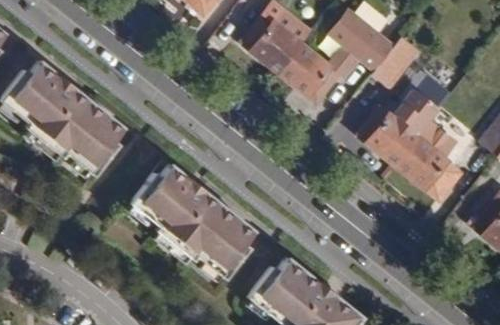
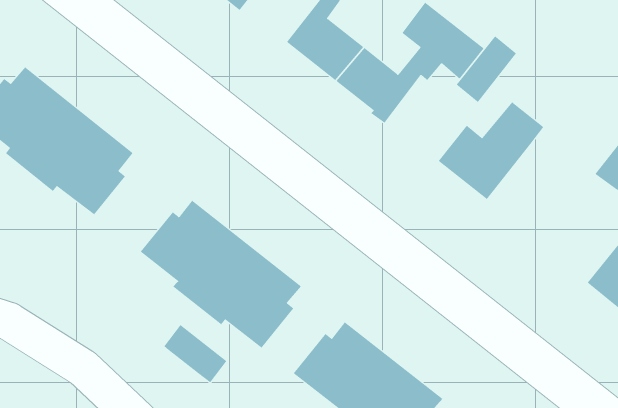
building: [396,120,462,198] -> none
building: none -> [163,324,227,383]

